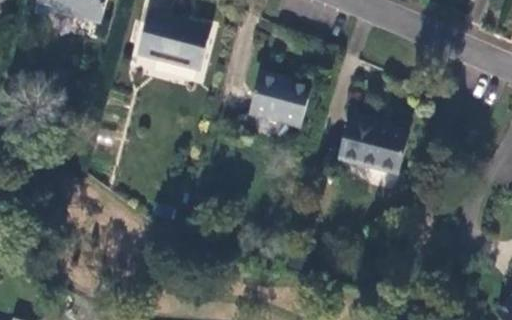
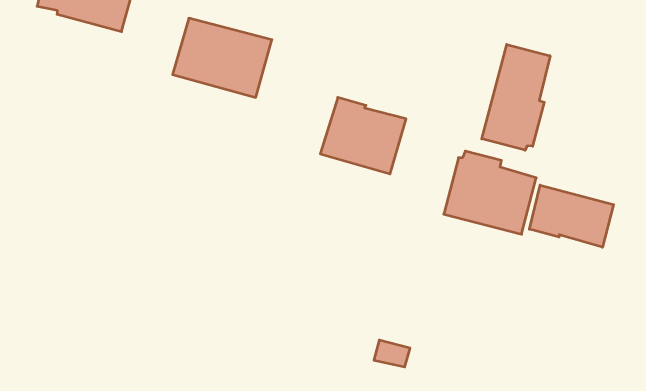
building: none -> [482,44,550,150]
building: none -> [529,185,614,247]

